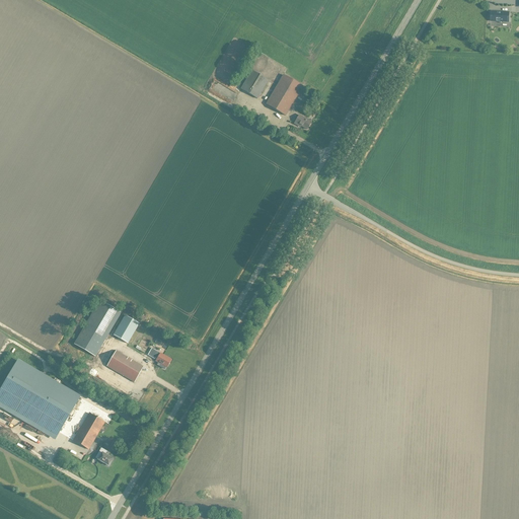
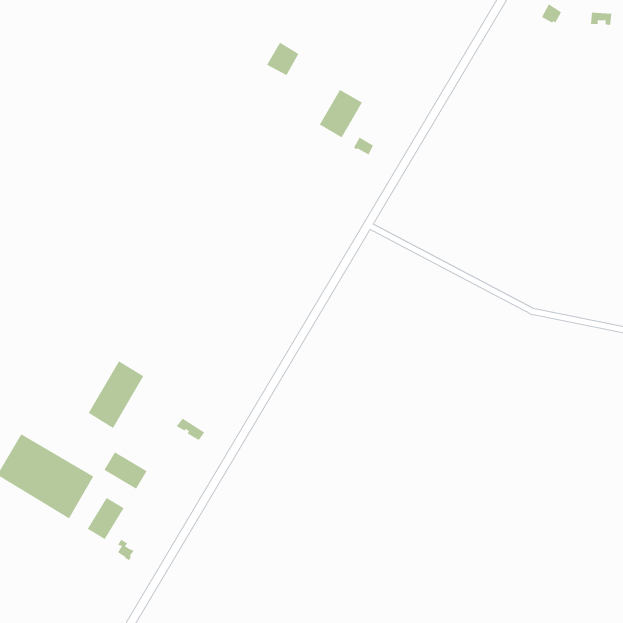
building: [239,69,267,97] -> [266,42,299,76]
building: [113,314,138,343] -> none
building: [105,350,142,381] -> [103,452,147,489]

